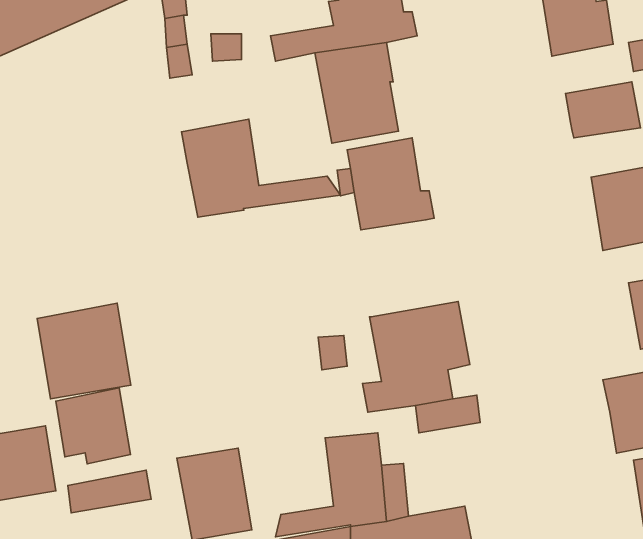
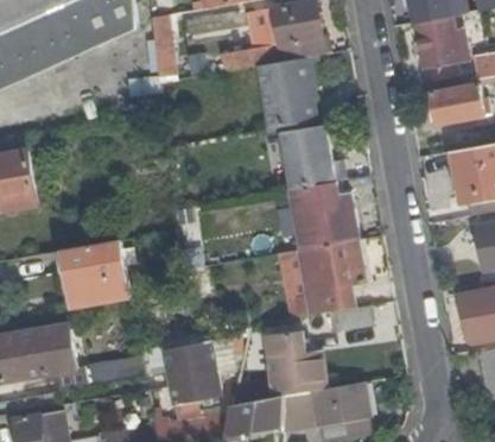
building: [181,119,340,217] -> none
building: none -> [286,182,357,250]
building: [56,388,131,464] -> none

